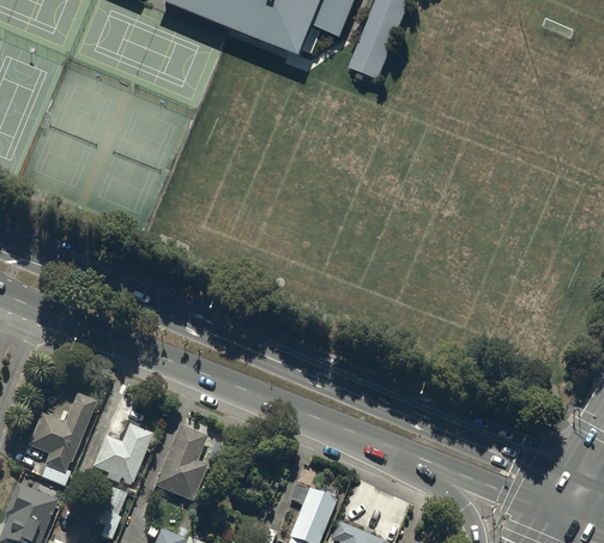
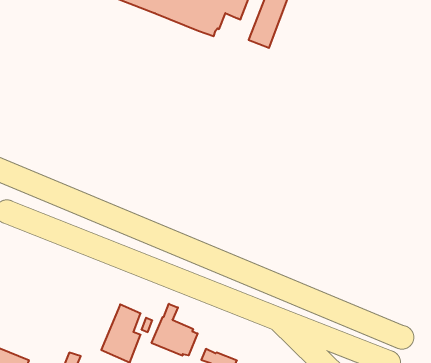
building: [28,391,97,471] -> none
building: none -> [152,304,198,356]
building: [92,422,153,483] -> none

